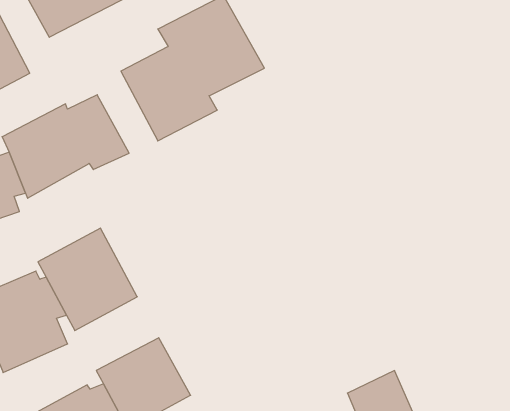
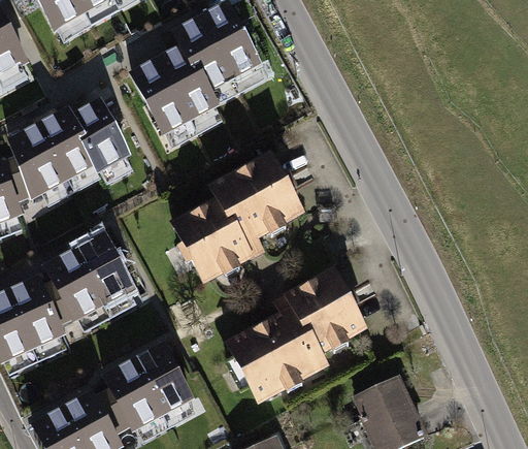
building: none -> [170,151,308,285]
building: none -> [226,267,370,405]

